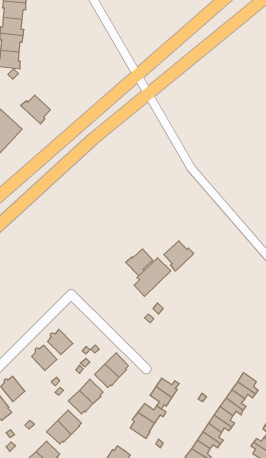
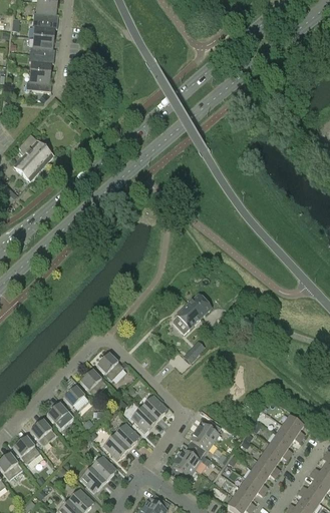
building: [21,95,50,124] -> none
building: [164,241,194,271] -> none
building: [126,249,153,276] -> none
building: none -> [96,353,123,380]
building: none -> [46,402,73,430]

